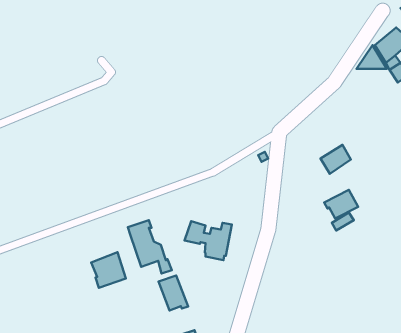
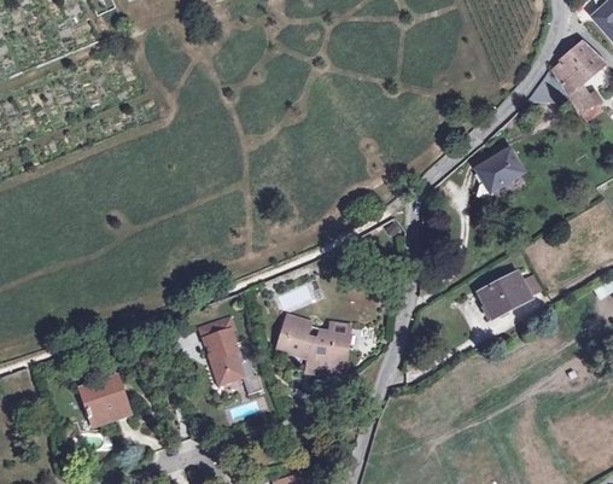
building: [320,145,351,174] -> [478,148,521,189]
building: [91,252,126,288] -> [80,373,129,424]
building: [158,275,188,310] -> none

